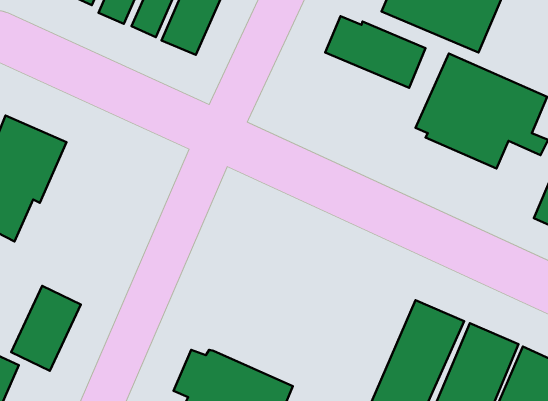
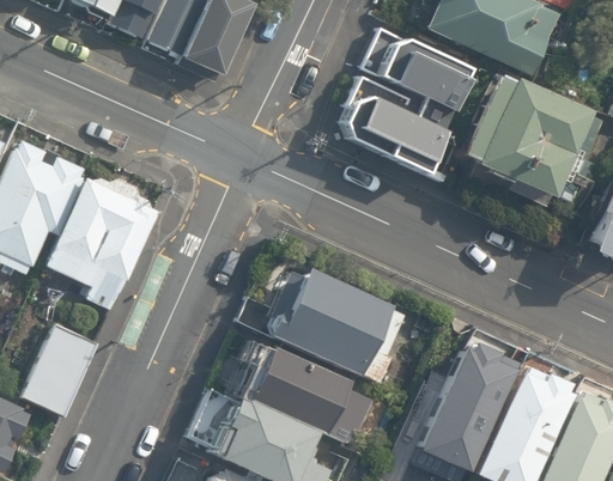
building: none -> [341,77,453,173]
building: none -> [45,181,159,313]
building: none -> [265,270,403,378]
building: none -> [242,343,372,442]

